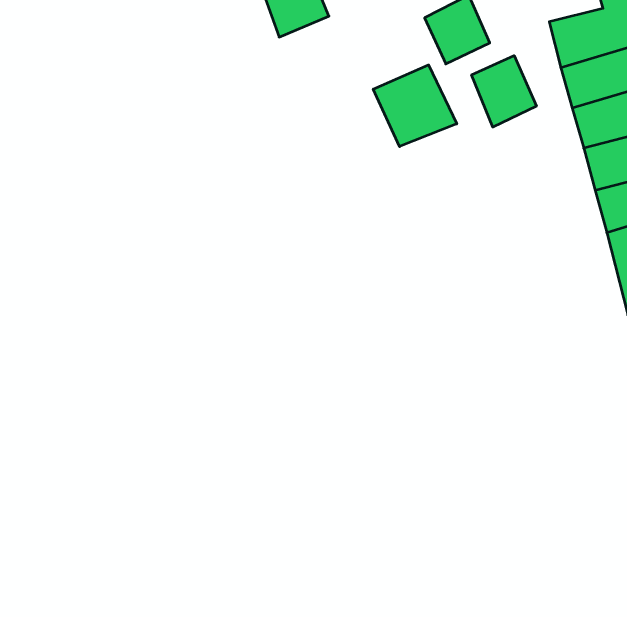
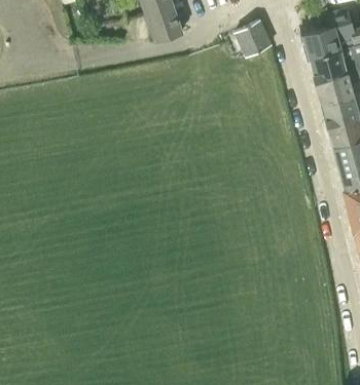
building: [472,56,536,127] -> none
building: [373,65,457,147] -> none

